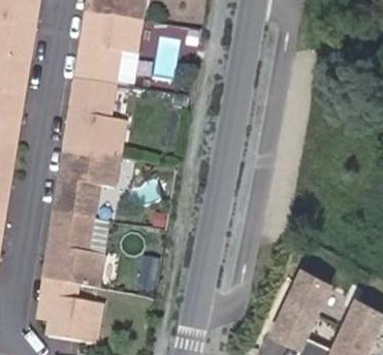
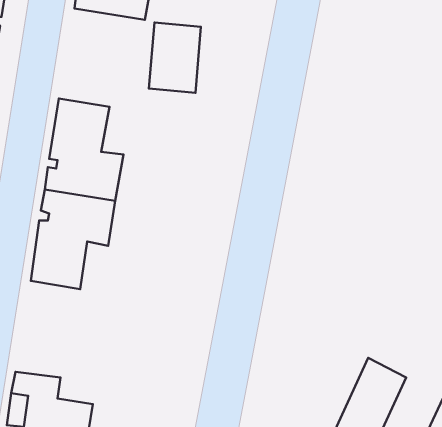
building: [75,13,138,86] -> none
building: [43,214,101,288] -> none

